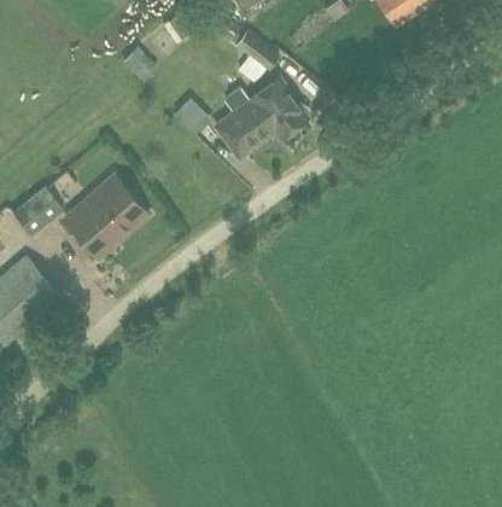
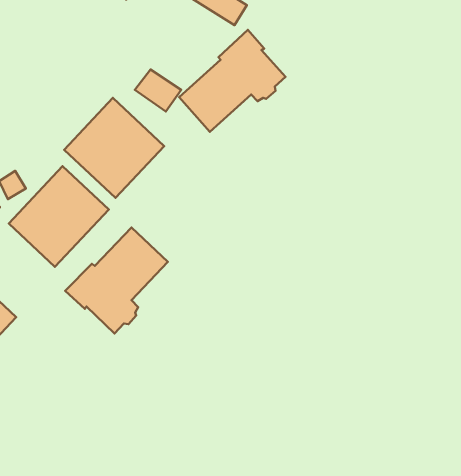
building: none -> [64,98,164,198]
building: none -> [65,228,168,333]

